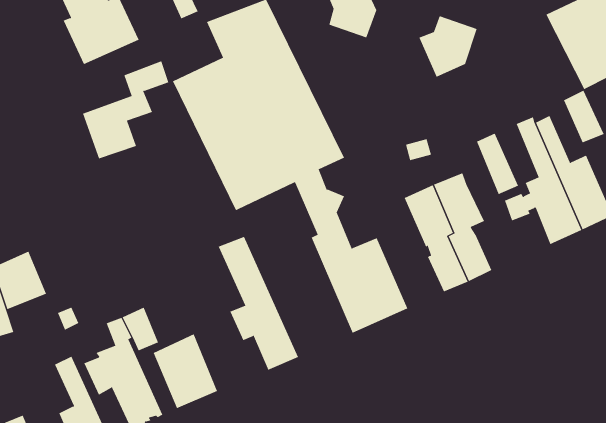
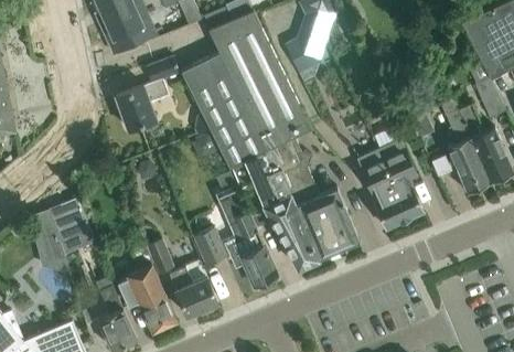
building: [418,15,477,77] -> [285,30,329,76]
building: none -> [233,148,318,269]
building: none -> [195,227,227,265]

